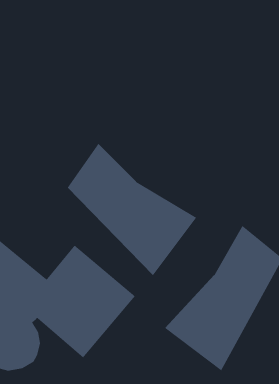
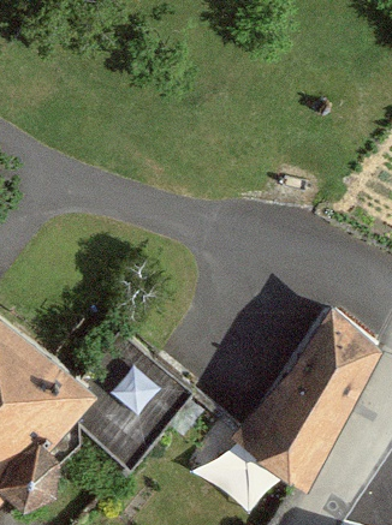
building: [67,143,197,276] -> none

